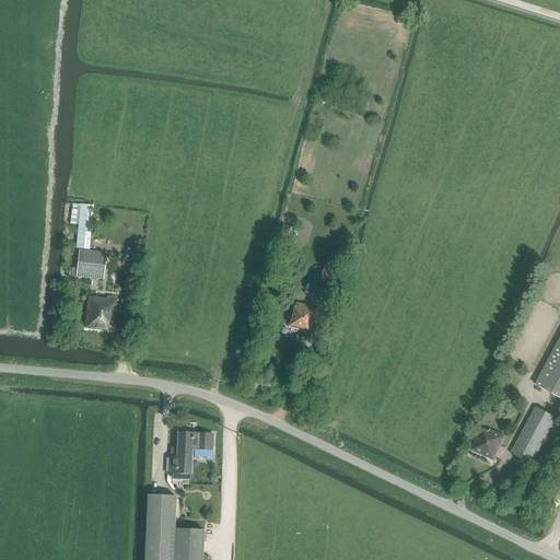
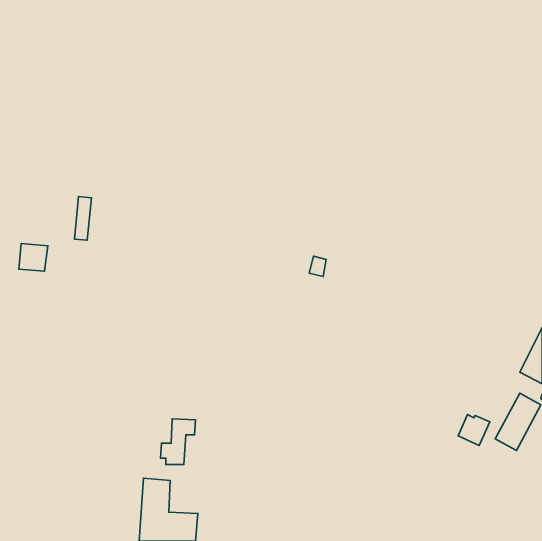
building: [77,248,106,277] -> [19,244,48,271]
building: [85,295,116,328] -> none
building: [287,301,317,329] -> none

